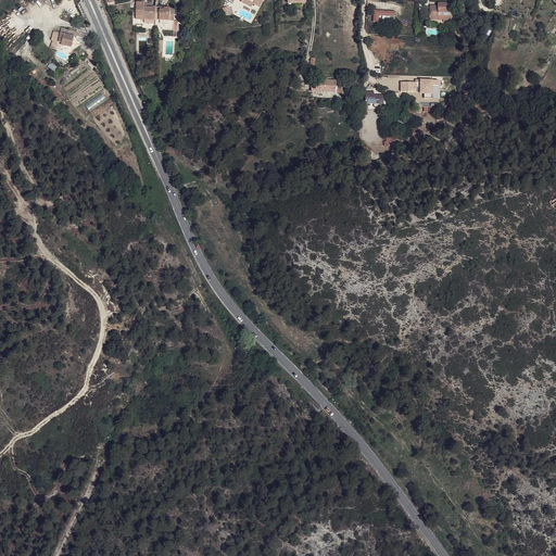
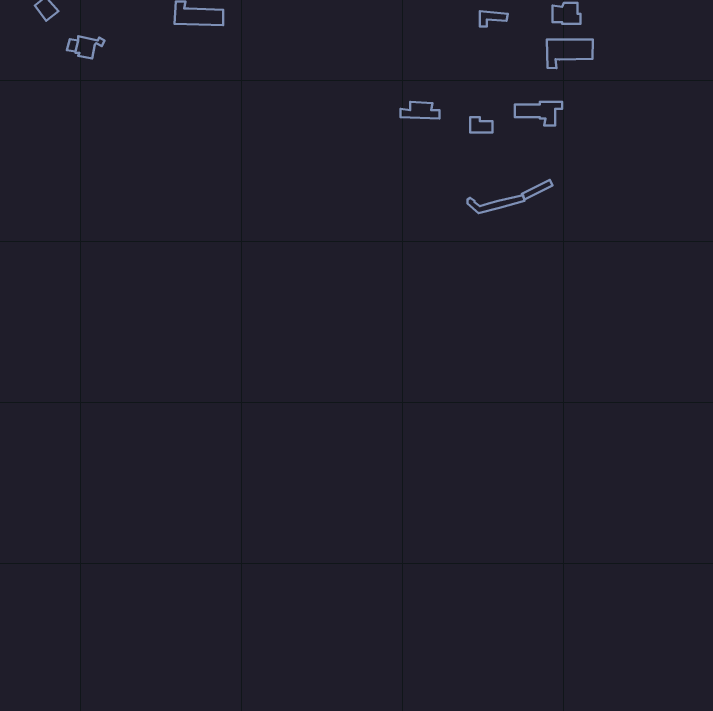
building: none -> [547,39,593,68]

